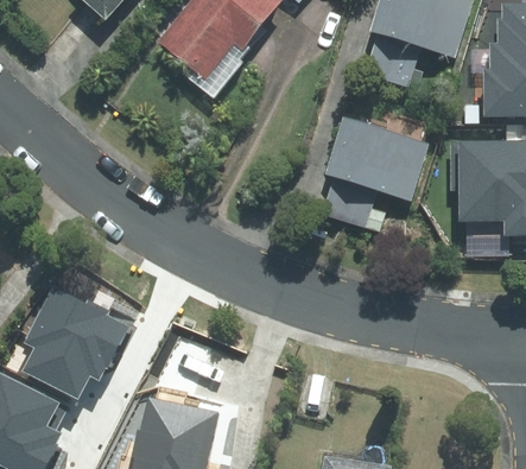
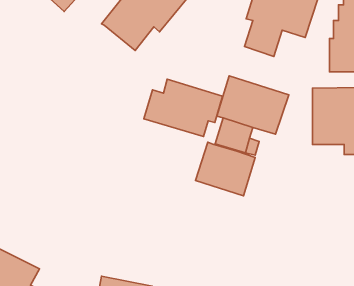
building: none -> [144,79,223,136]
building: none -> [195,142,255,196]
building: [21,285,128,398] -> none

